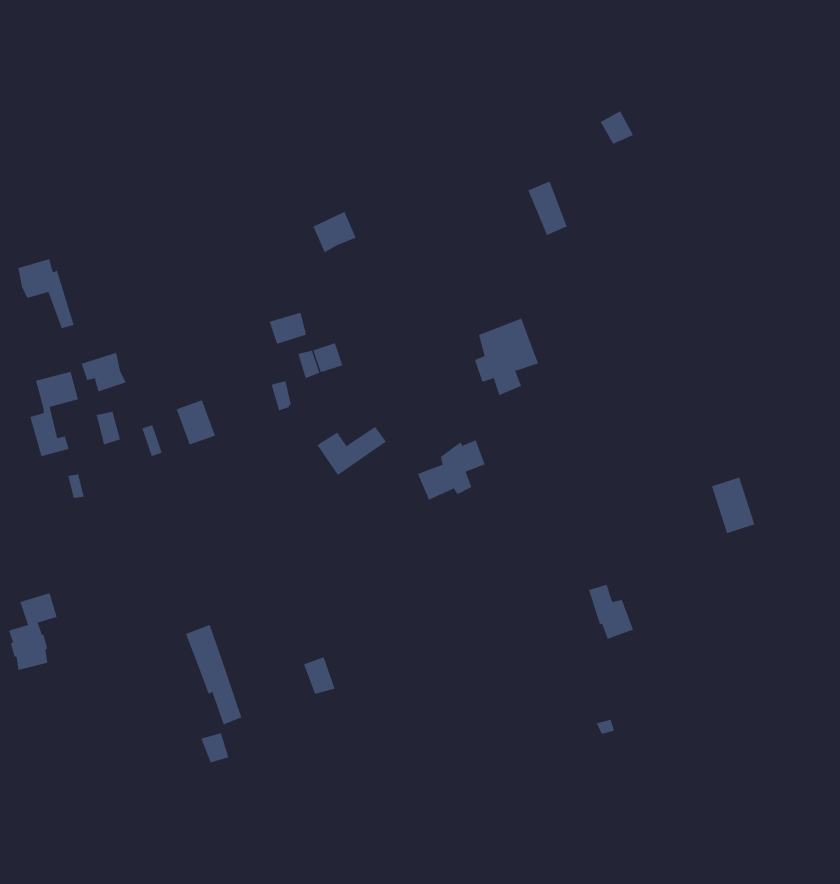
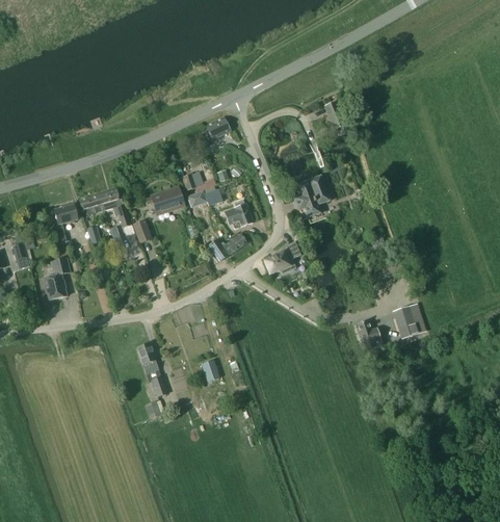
building: [17,258,74,329] -> [99,188,130,227]
building: none -> [146,189,184,213]
building: none -> [223,200,253,229]
building: [711,477,755,534] -> [393,307,417,338]
building: [8,592,58,670] -> [44,257,71,299]

